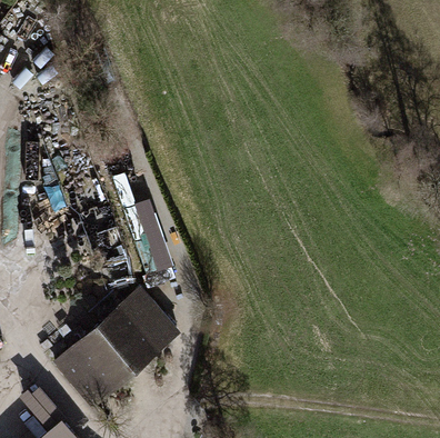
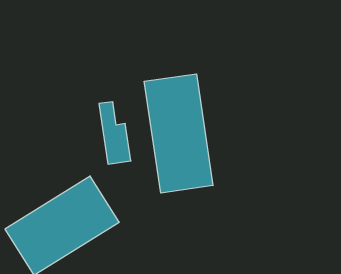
building: none -> [144,74,213,193]

